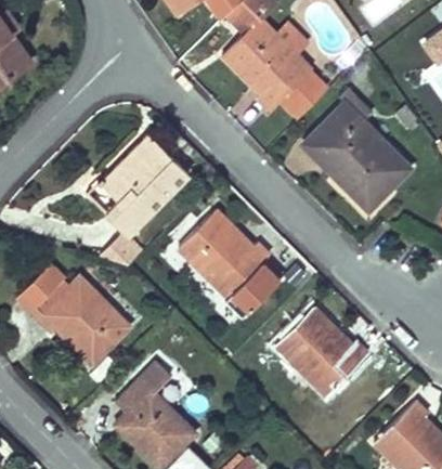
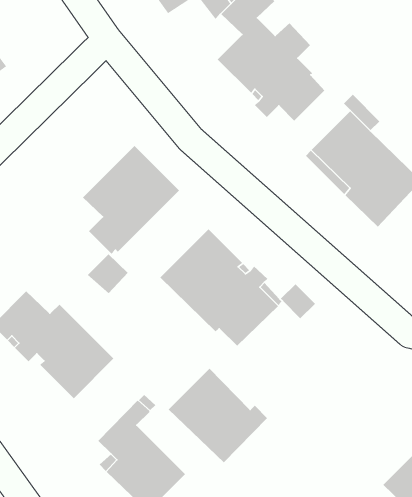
building: [276,308,367,394] -> [168,368,268,463]

